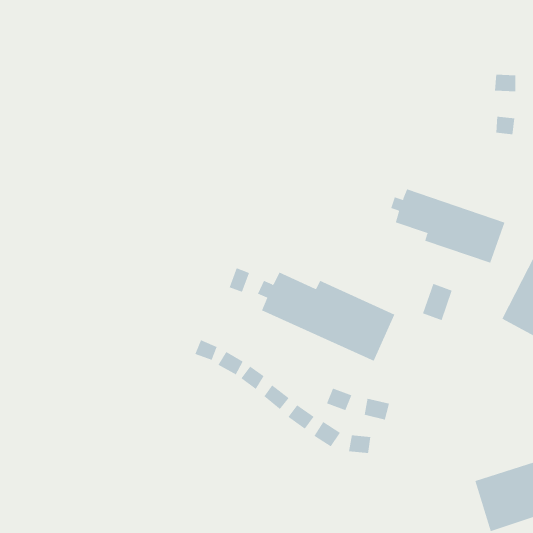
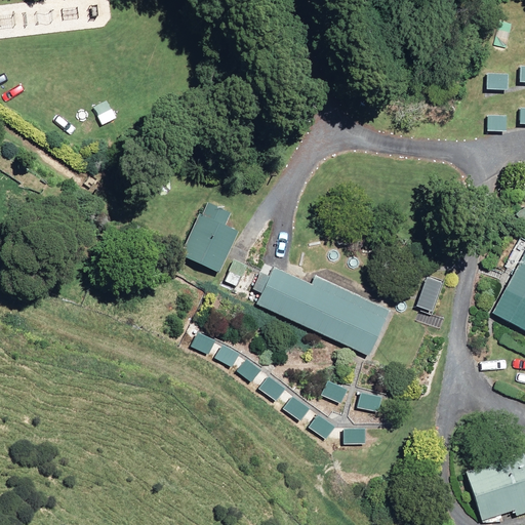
building: [390,188,505,264] -> none
building: none -> [180,200,237,272]

